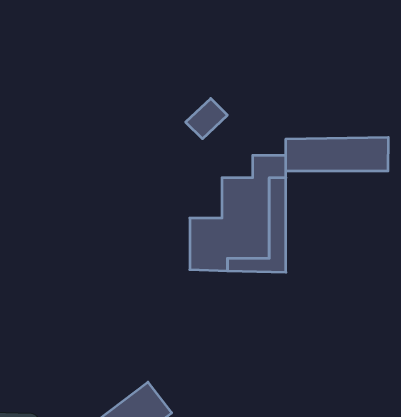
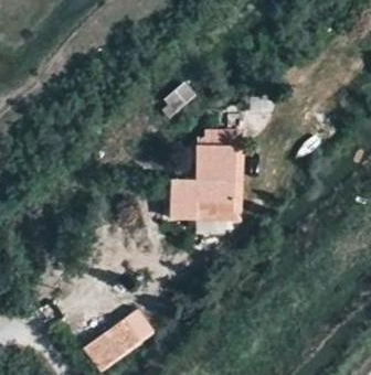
building: [286,137,388,171] -> none

